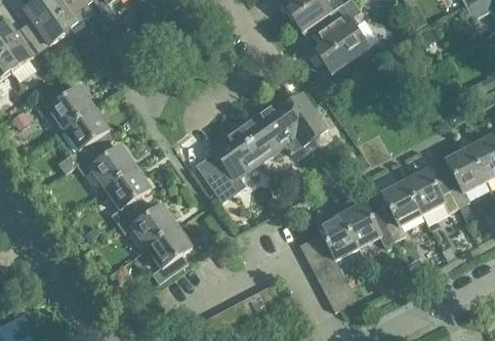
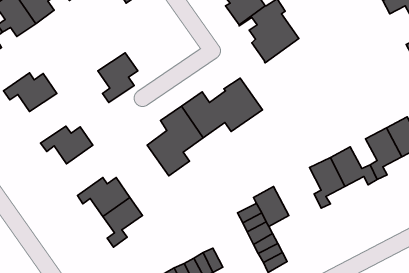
building: [64,109,109,165] -> [98,53,138,103]
building: [106,167,151,224] -> none
building: [340,202,395,247] -> none

